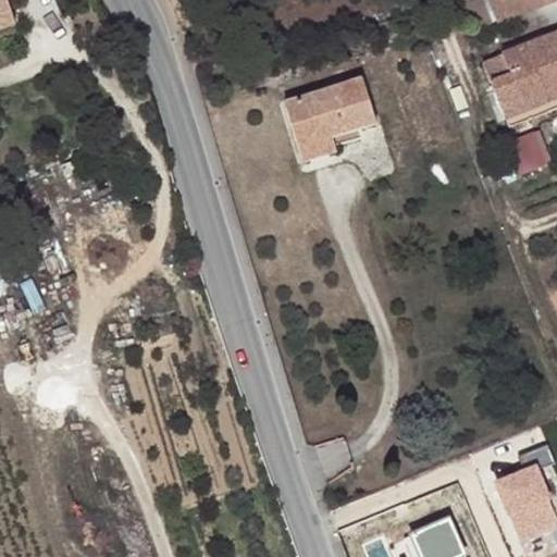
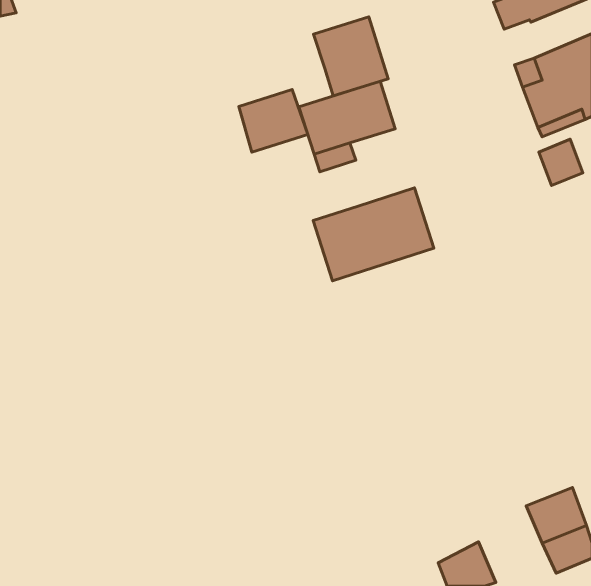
building: none -> [314,17,388,96]
building: none -> [239,89,308,152]
building: none -> [313,188,434,281]

